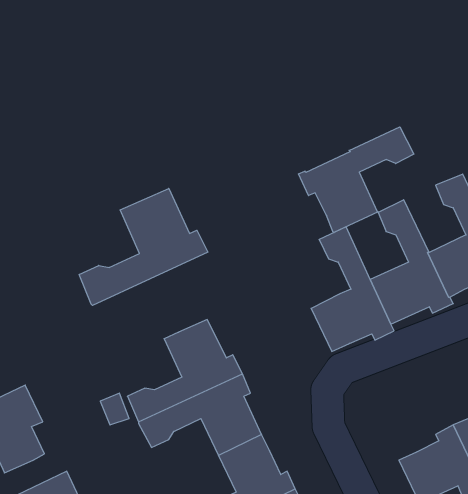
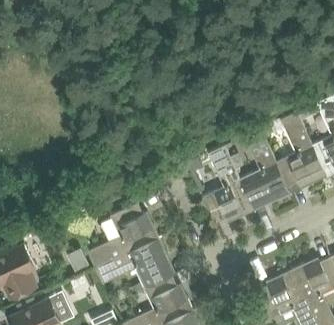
building: [298,127,414,233] -> none
building: [79,188,208,305] -> none

